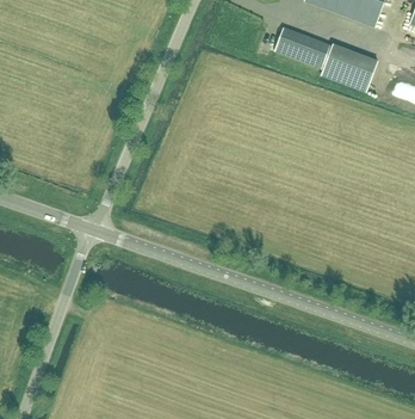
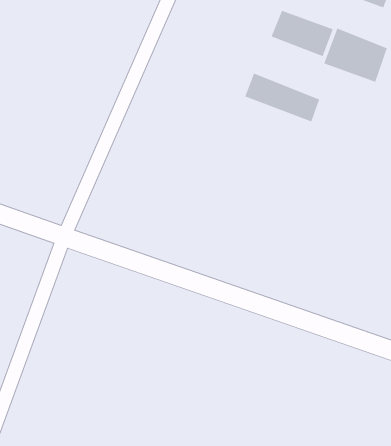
building: none -> [244,73,320,122]

